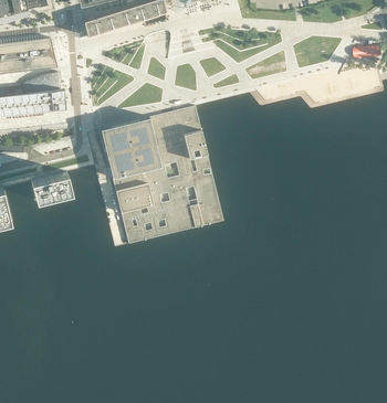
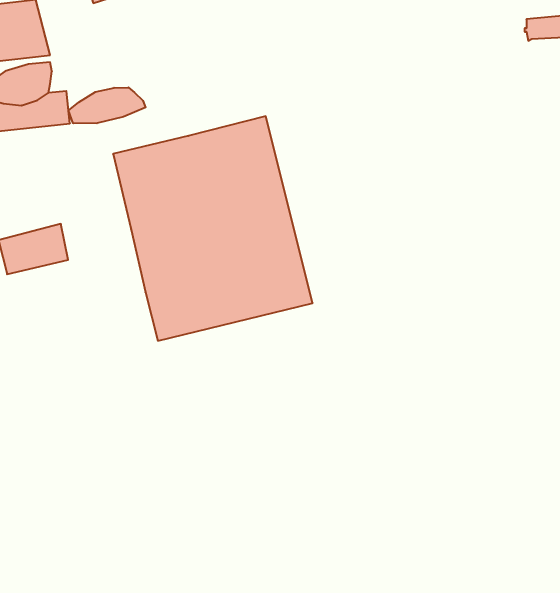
building: none -> [69,87,146,123]

